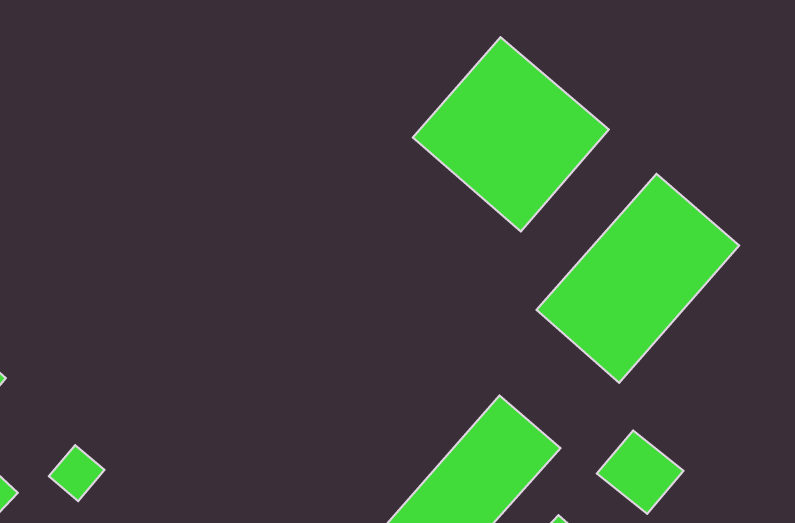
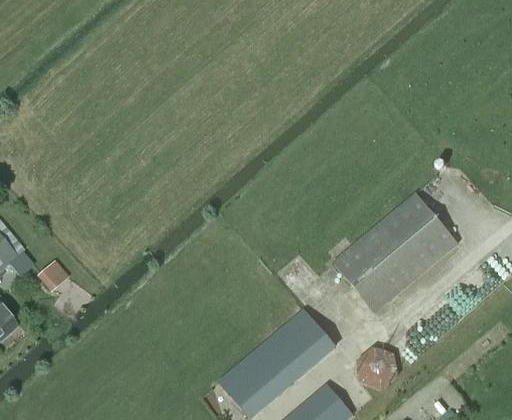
building: [413,37,609,232] -> none
building: [49,445,104,501] -> [36,260,69,293]

